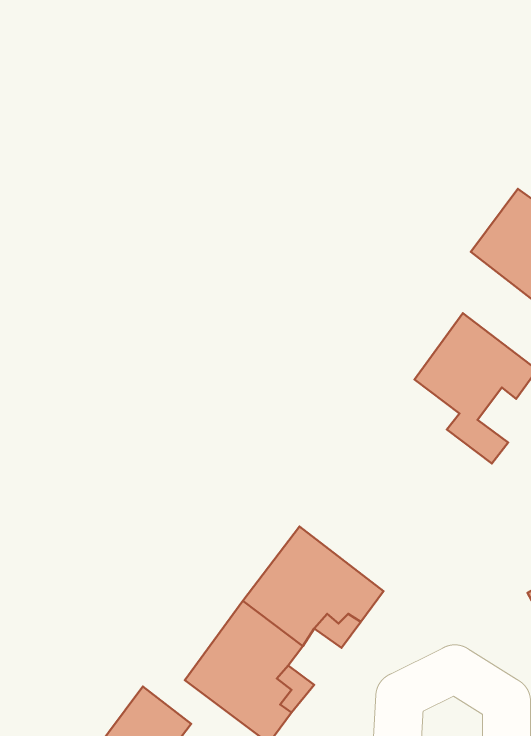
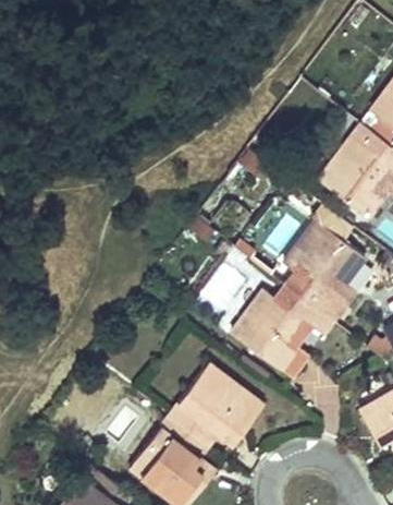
building: none -> [232,289,335,370]

